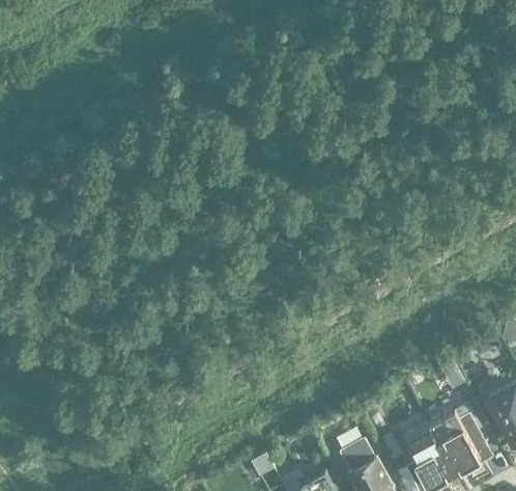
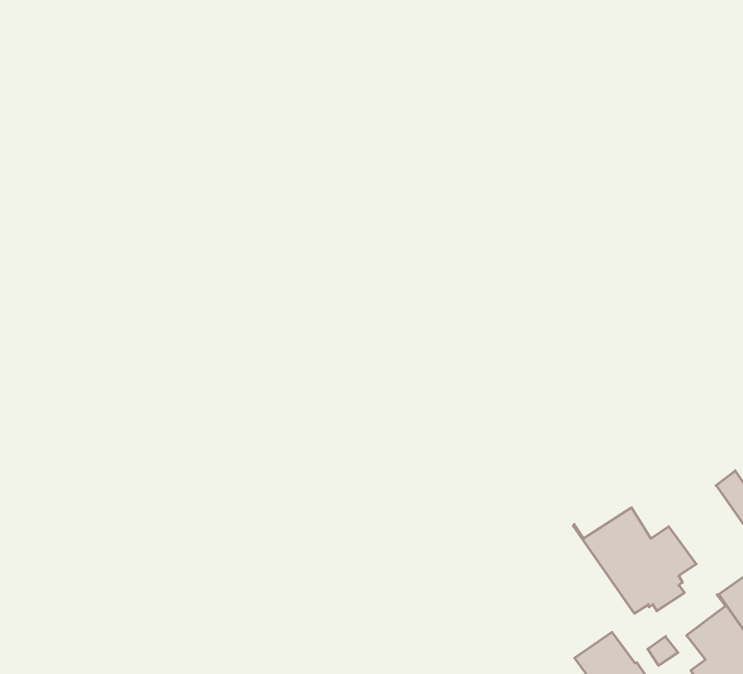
building: none -> [573,508,696,613]

